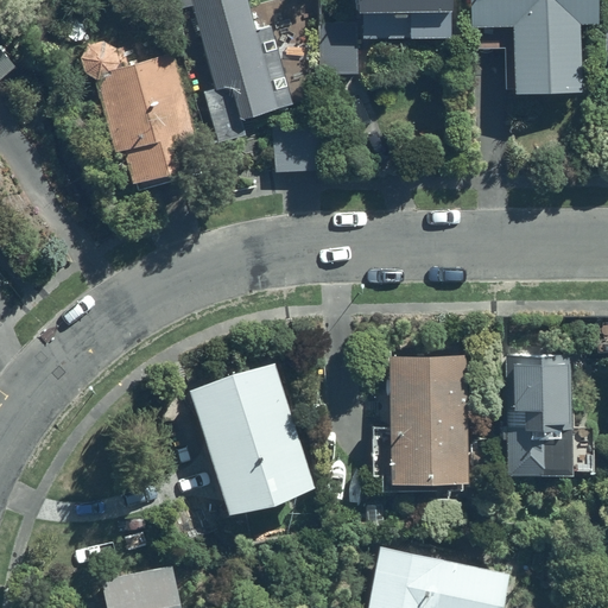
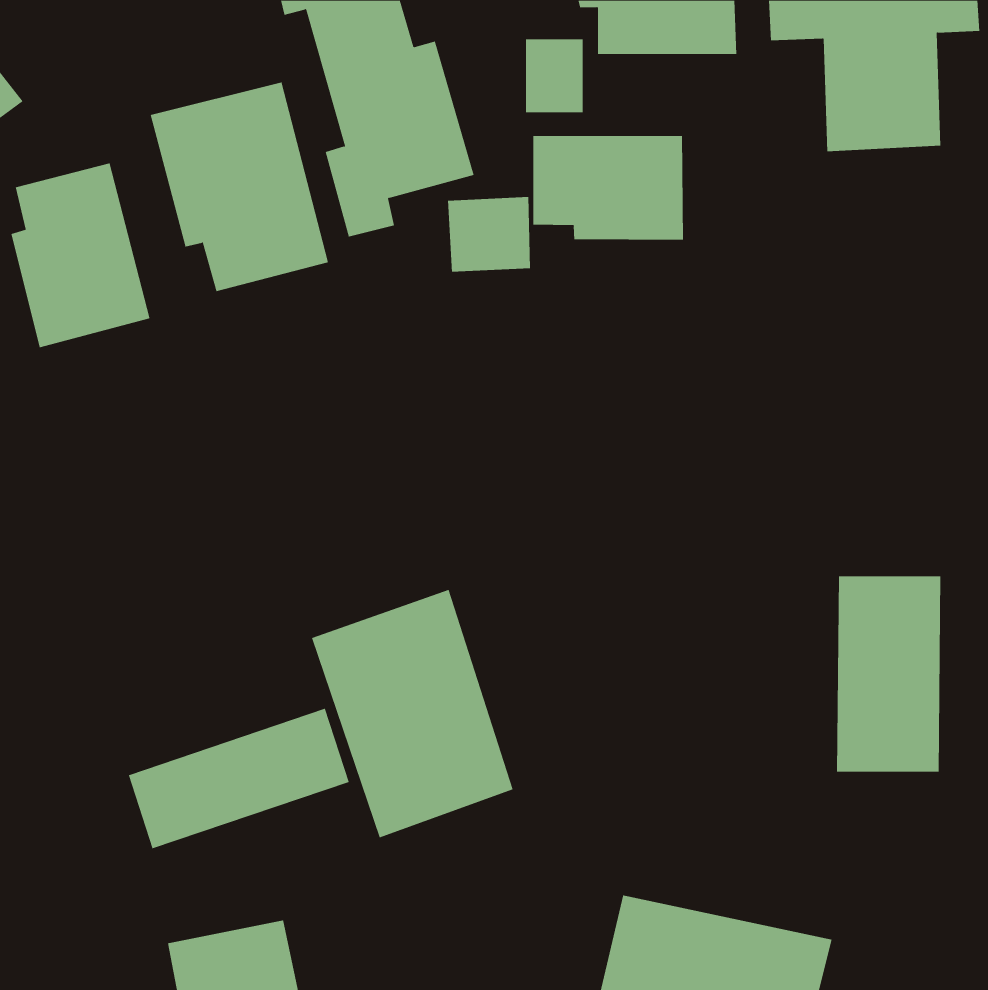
building: none -> [533,135,683,240]
building: none -> [11,162,150,348]
building: [391,354,470,484] -> none
building: none -> [128,708,349,849]

